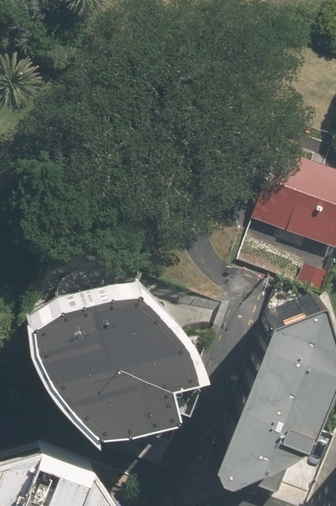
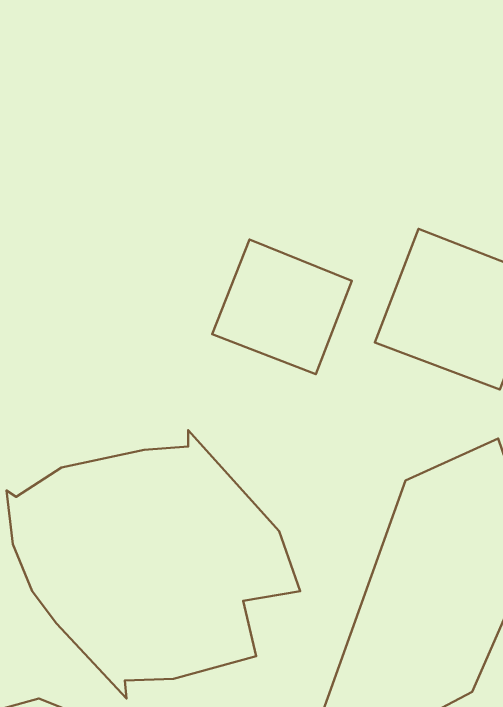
building: none -> [212,239,352,374]

